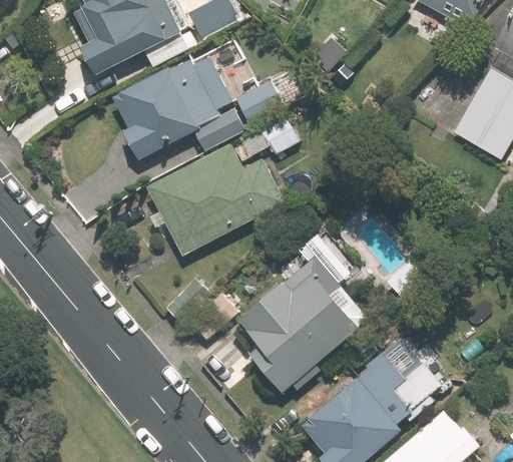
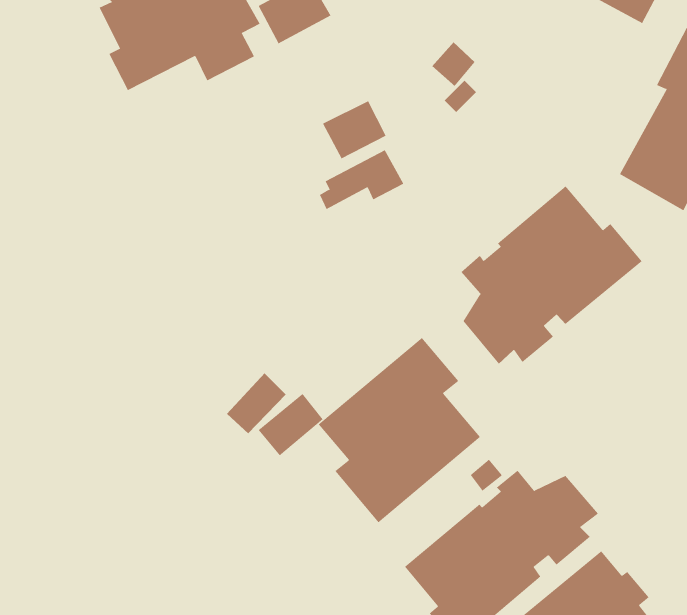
building: [114,57,232,159] -> none
building: none -> [461,186,642,365]
building: [146,145,283,257] -> none

